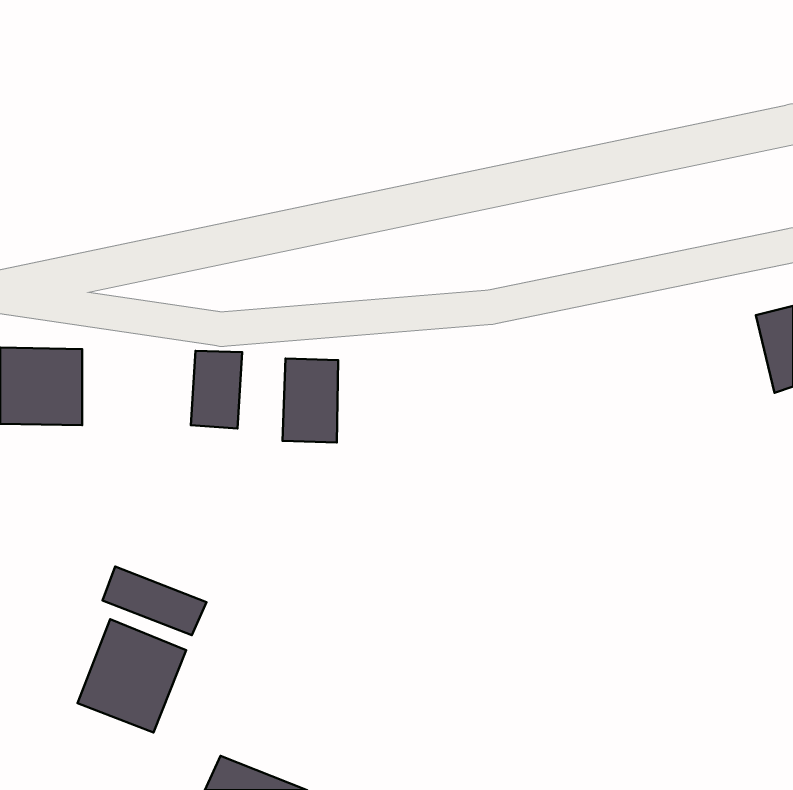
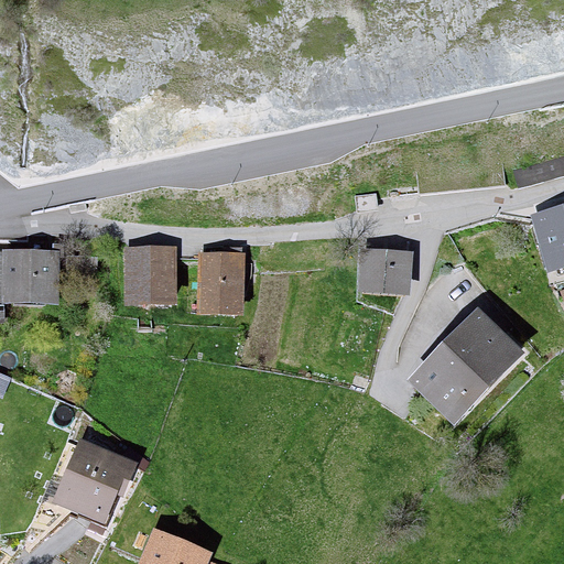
building: none -> [364,249,403,290]
building: none -> [416,315,512,412]
building: [102,567,206,635] -> none

